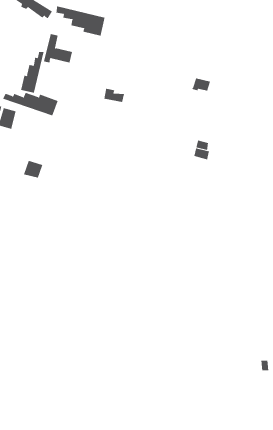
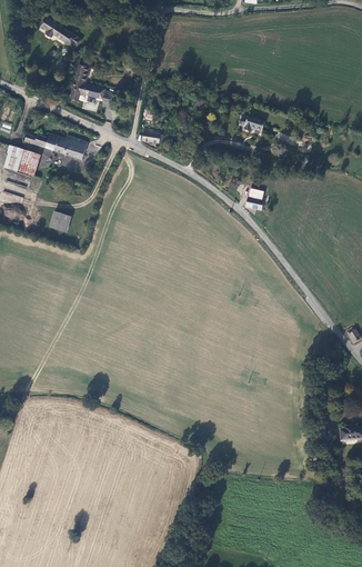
building: [56,5,105,36] -> none
building: [20,51,44,94] -> none

